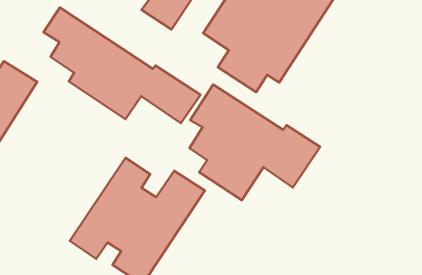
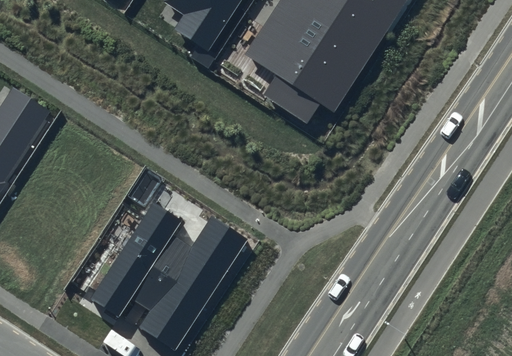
building: [43,7,200,123] -> none
building: [190,85,320,200] -> none

